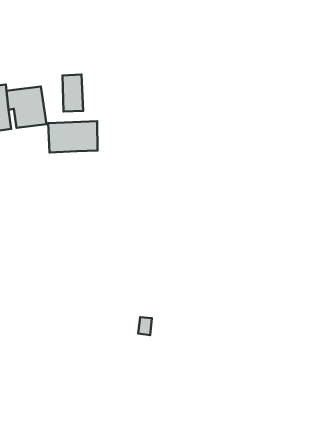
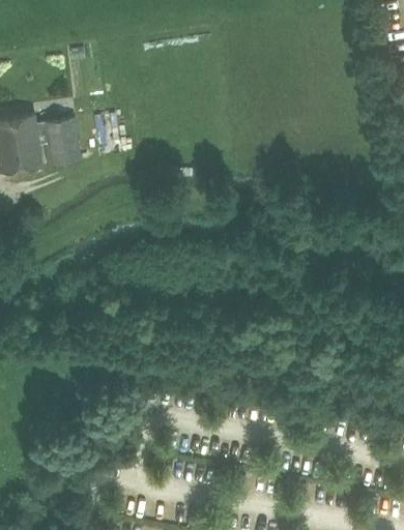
building: [48,121,98,153] -> none

